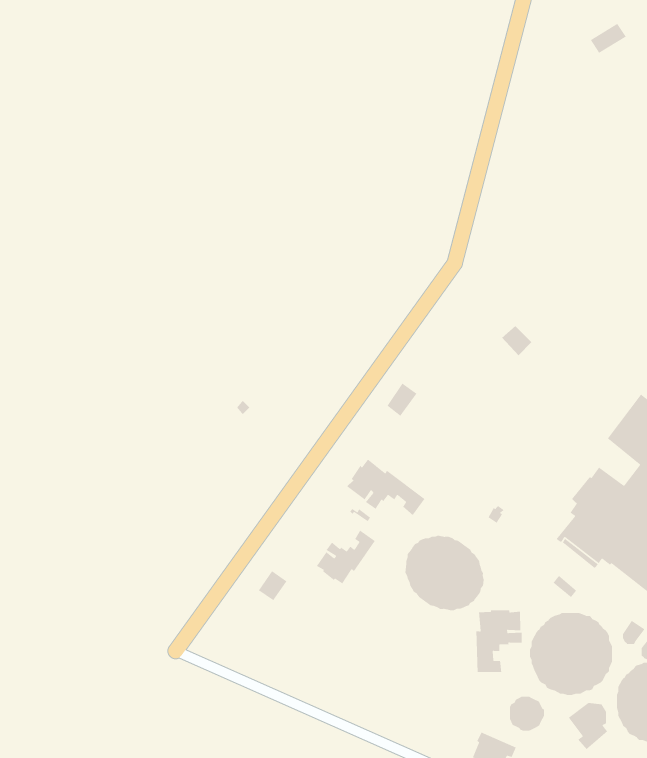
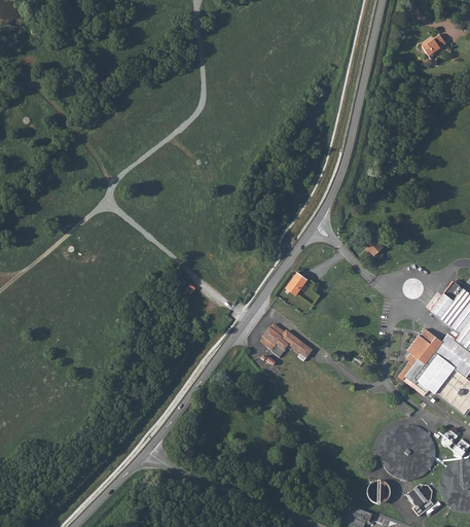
building: [316,529,376,585] -> none
building: [405,535,484,611] -> none
building: [476,609,523,673] -> none

